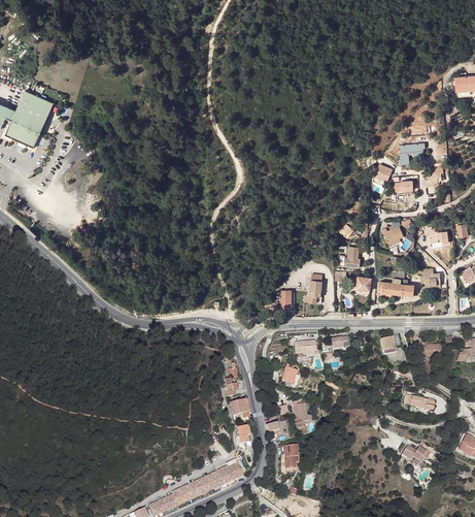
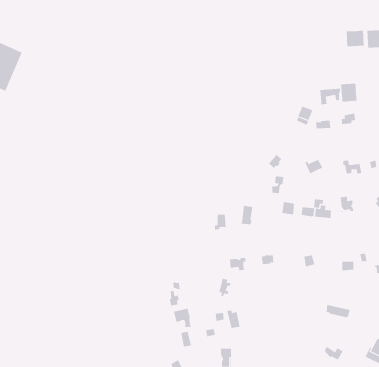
building: none -> [346,30,364,47]
building: none -> [341,83,357,103]

